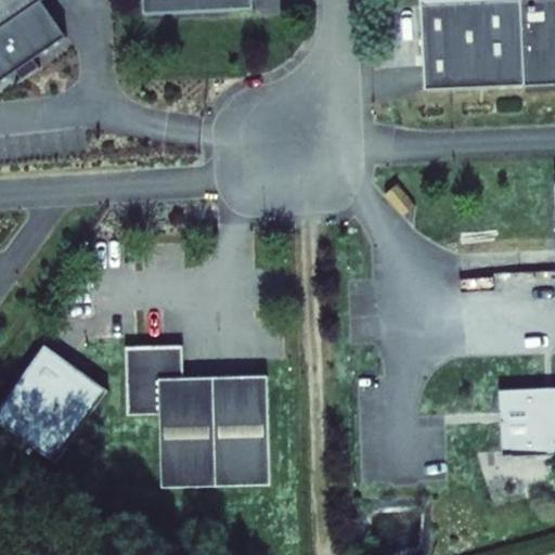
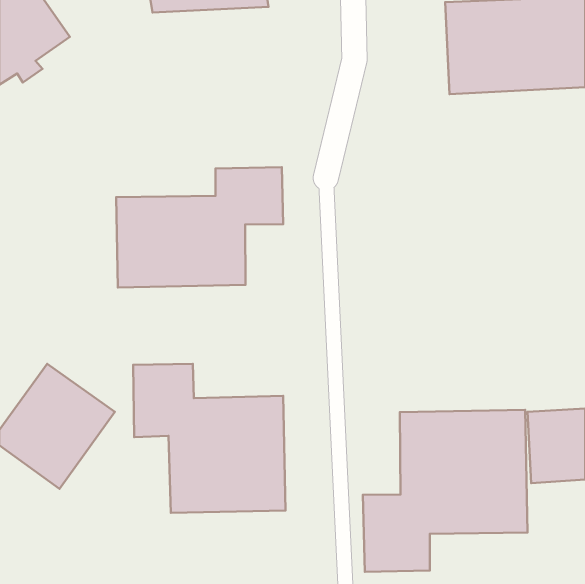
building: none -> [116,167,283,287]
building: none -> [363,410,528,572]

